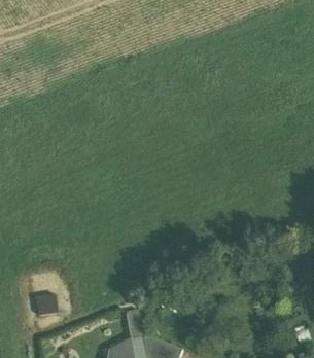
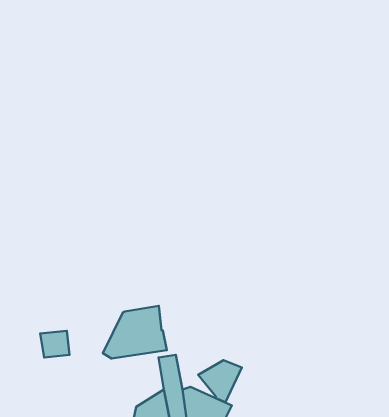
building: none -> [103,306,167,359]
building: none -> [198,360,242,402]

